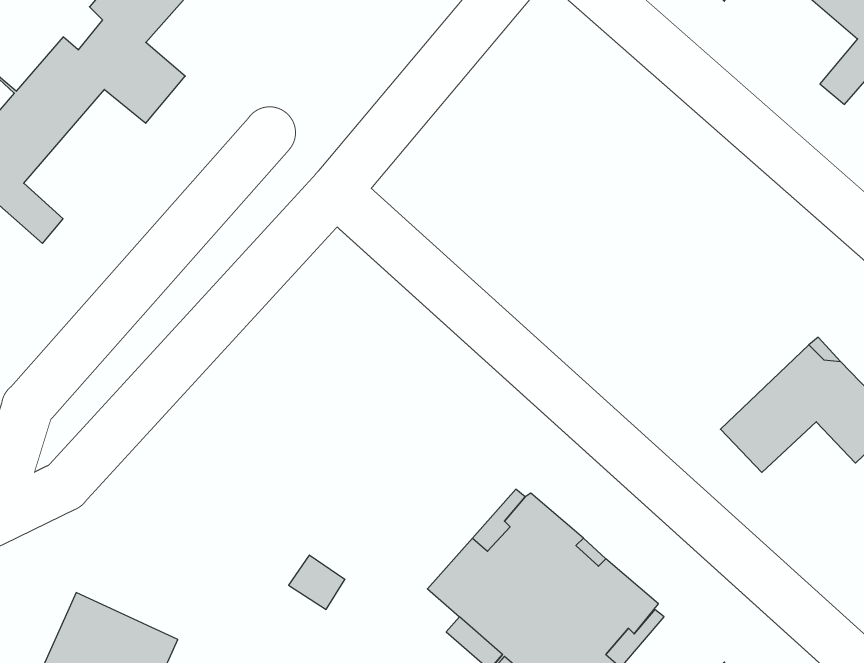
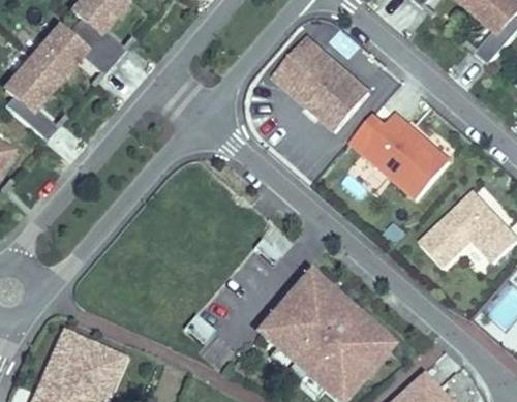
building: none -> [271,36,368,129]
building: none -> [361,112,449,197]

